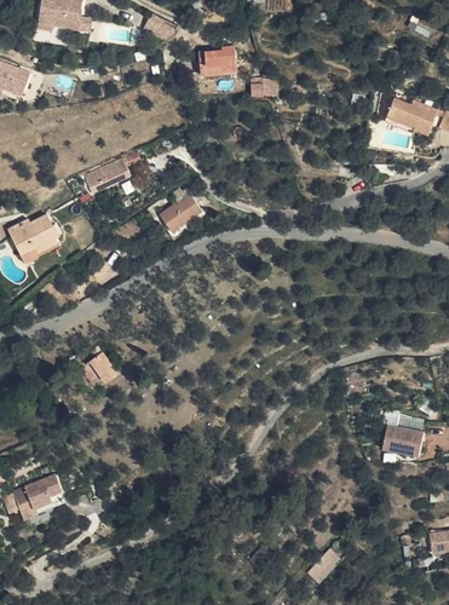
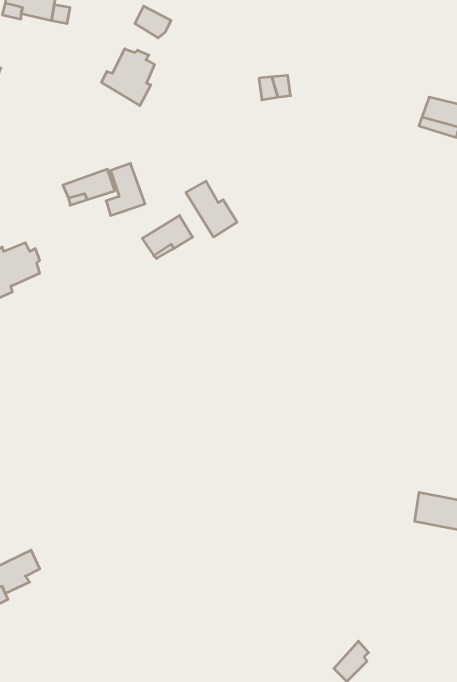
building: [196,48,235,77] -> none
building: none -> [102,49,155,106]
building: none -> [186,181,237,237]
building: [80,347,115,376] -> none

